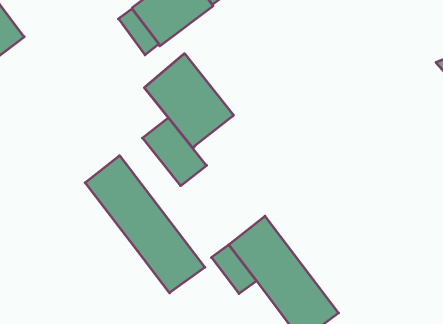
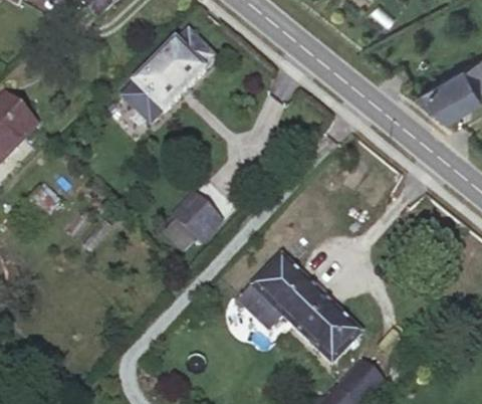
building: [144,54,233,149] -> none
building: [85,156,205,293] -> none

